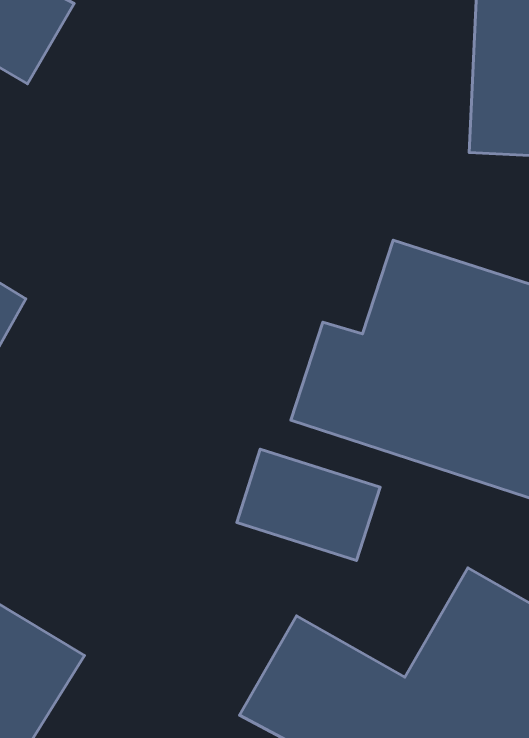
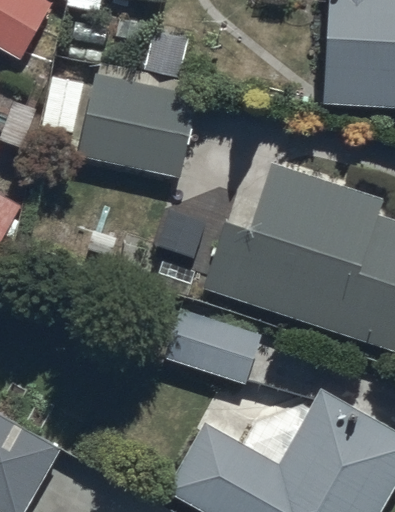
building: none -> [78,73,198,178]

